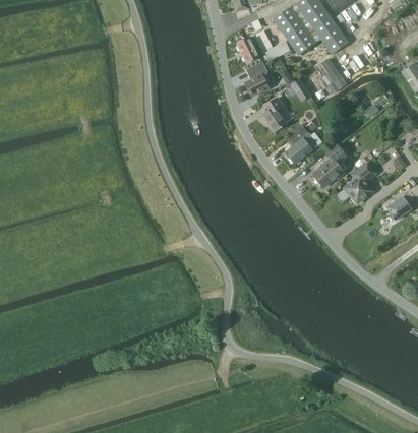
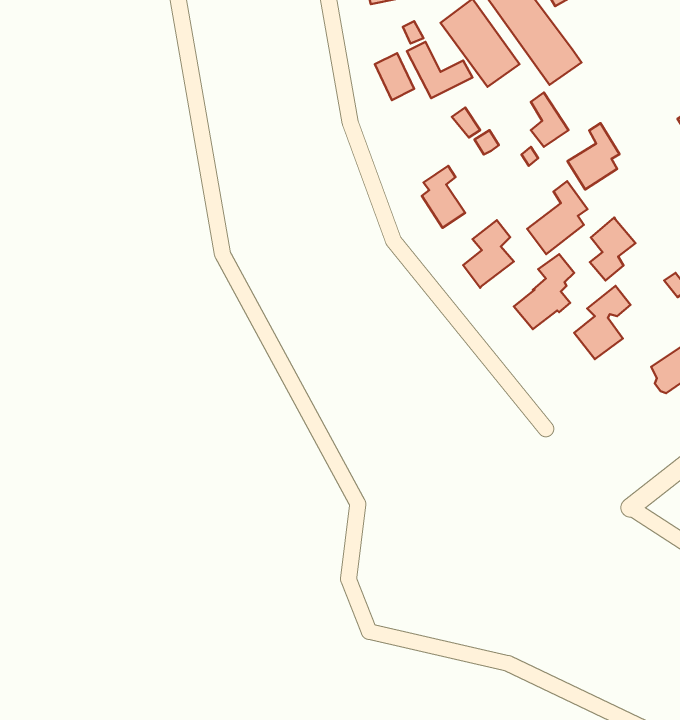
building: [244,61,267,96] -> none
building: none -> [567,123,620,189]
building: none -> [527,181,587,254]
building: none -> [590,217,636,280]

